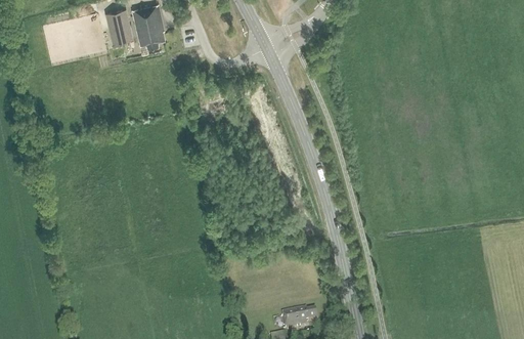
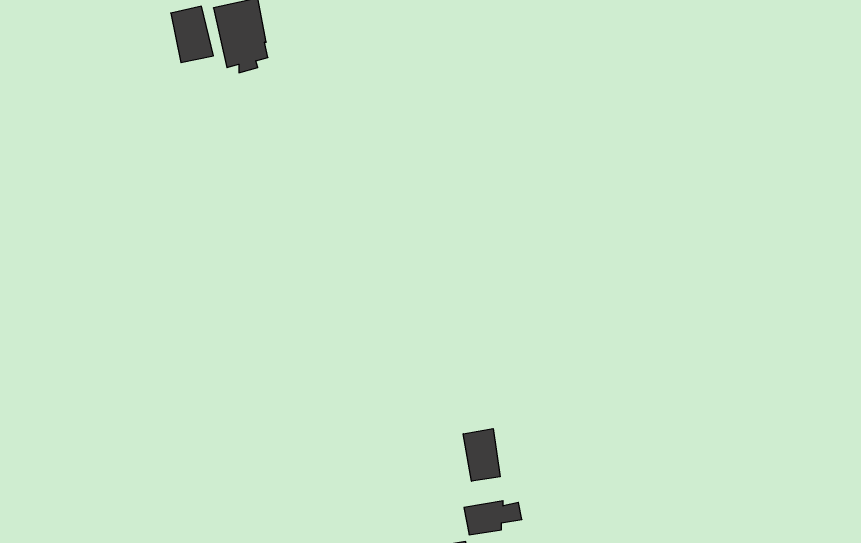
building: none -> [463,429,500,481]

